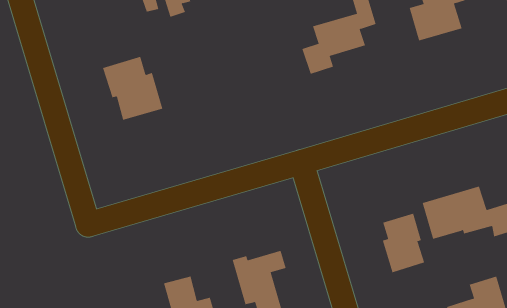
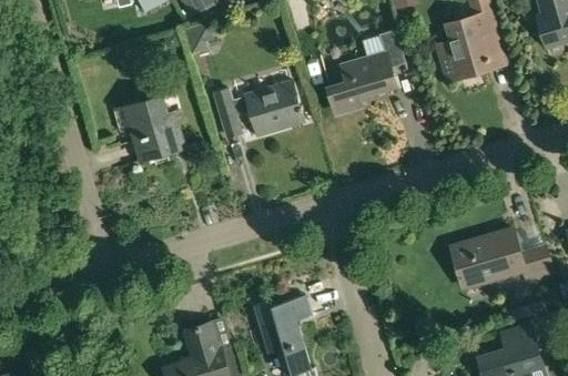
building: none -> [215,79,305,136]
building: [382,213,425,273] -> none

